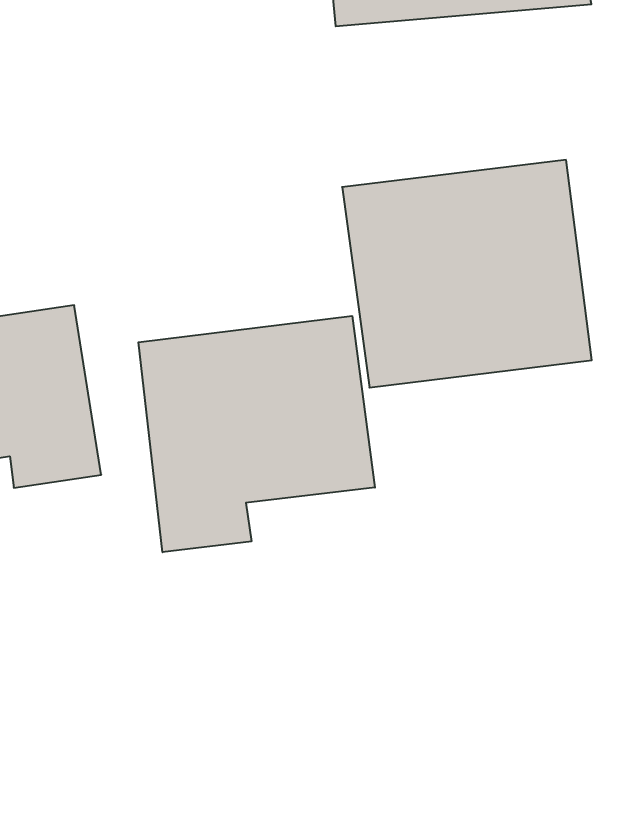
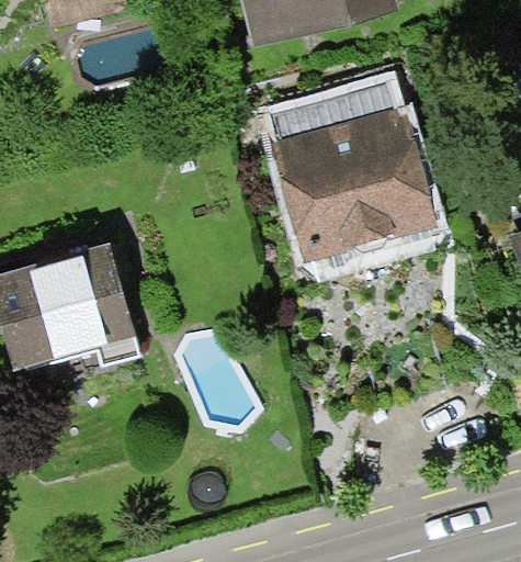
building: [138,316,375,552] -> none

